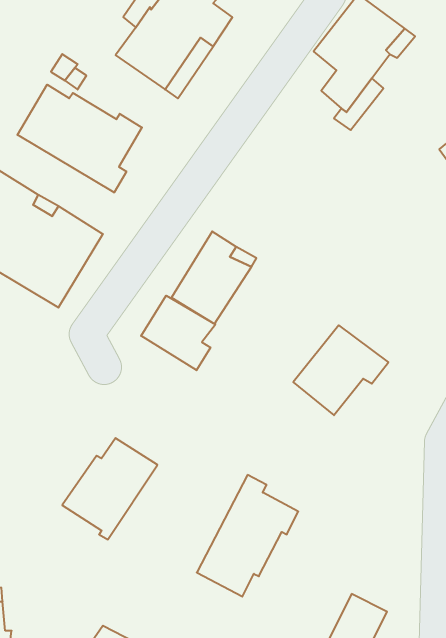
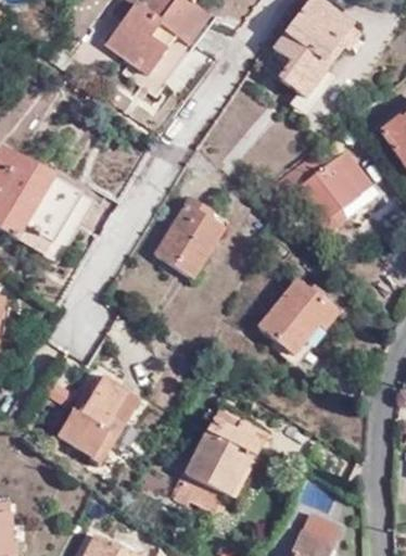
building: [17,85,142,193] -> none
building: none -> [272,151,371,226]
building: [141,296,215,370] -> none

